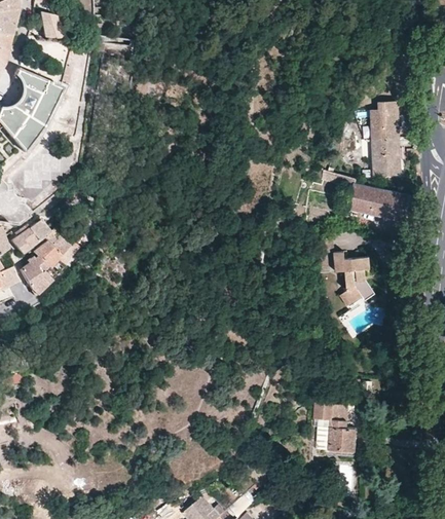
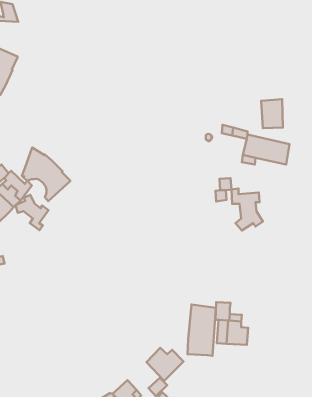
building: [372,102,400,139] -> none
building: none -> [22,148,70,201]
building: none -> [15,195,49,230]
building: none -> [188,305,216,356]
building: none -> [146,348,184,381]

